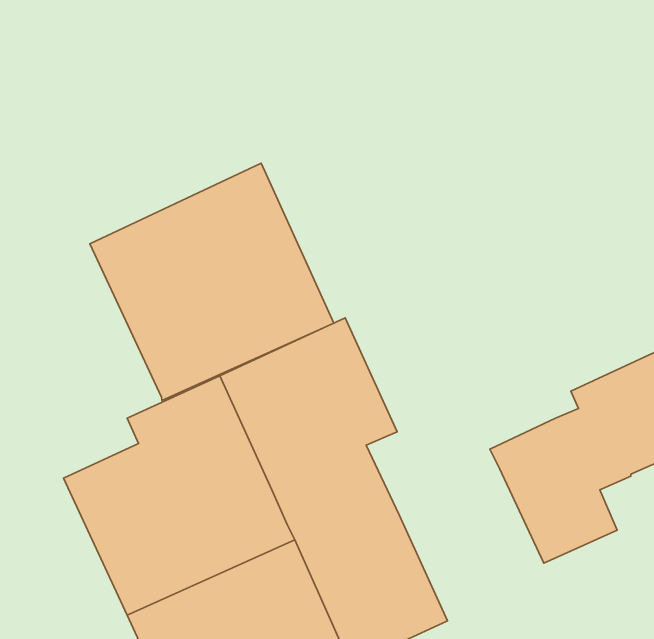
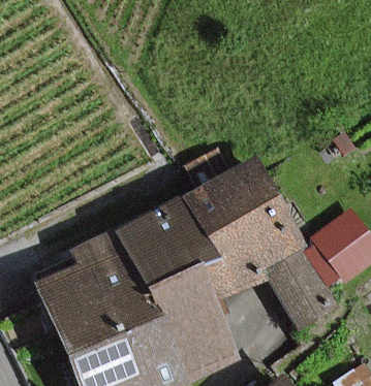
building: [90,163,334,401] -> none
building: none -> [187,162,300,300]

